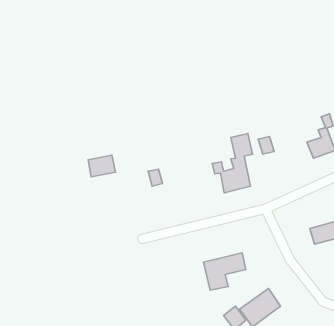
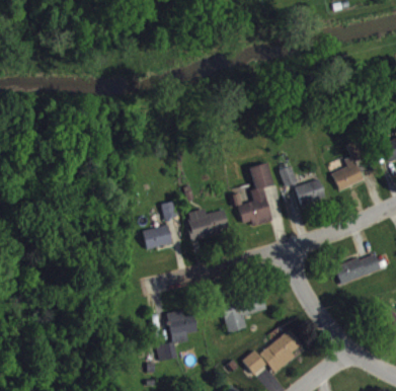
building: none -> [295,178,326,206]
building: [88,155,115,177] -> [143,225,172,248]
building: none -> [186,209,229,239]
building: none -> [157,310,197,362]

